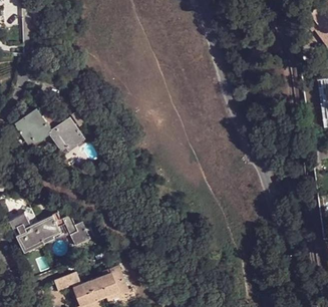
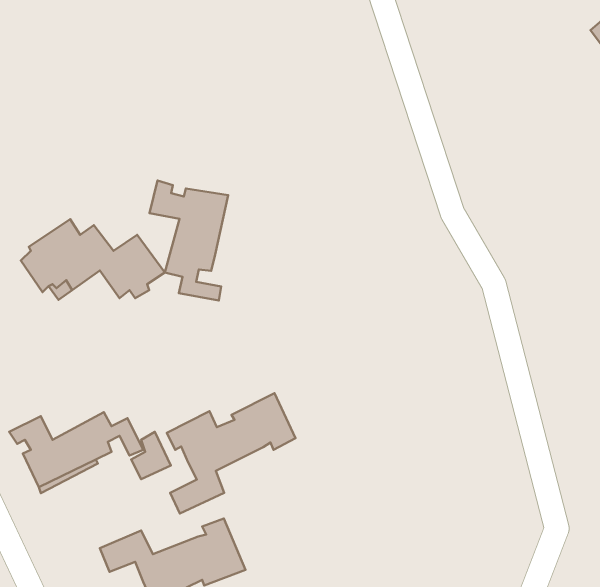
building: none -> [150,181,228,301]
building: none -> [167,393,296,513]

